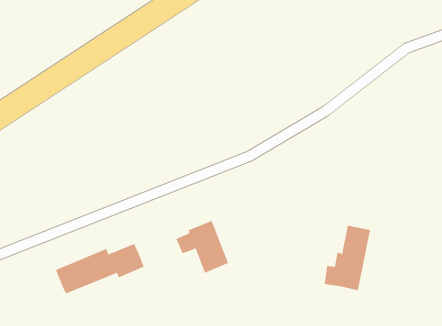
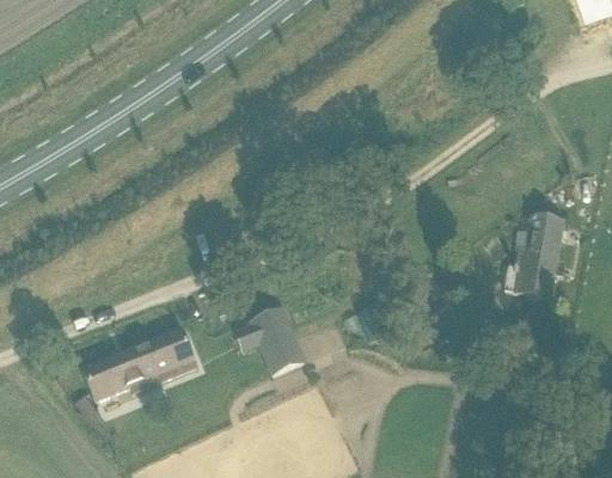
building: [324,225,371,291] -> [503,214,563,298]

